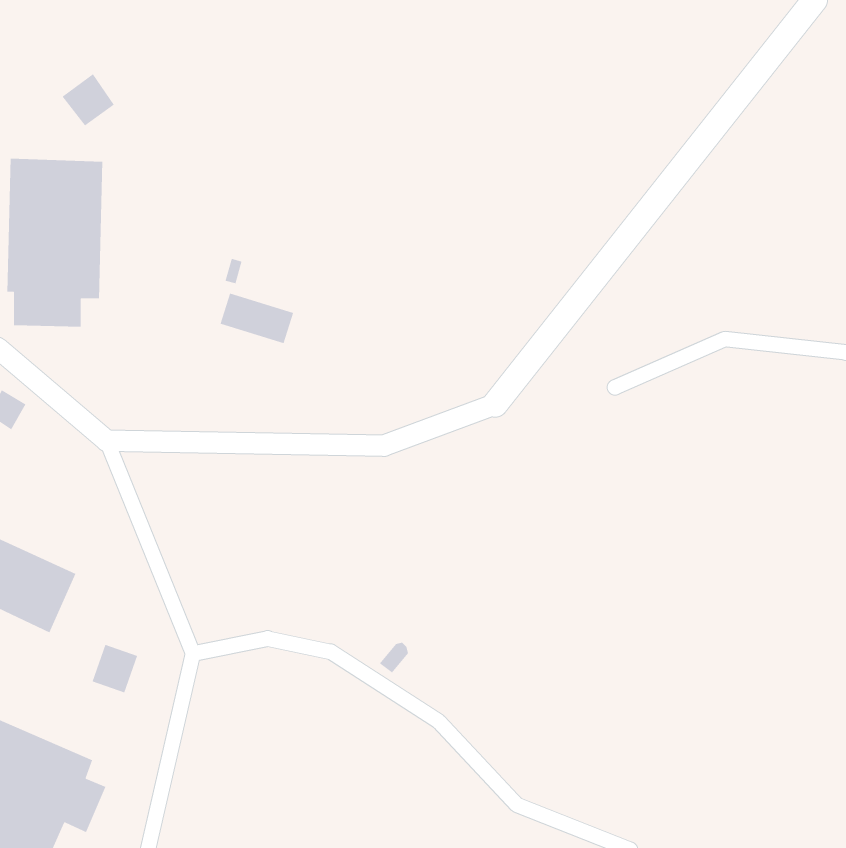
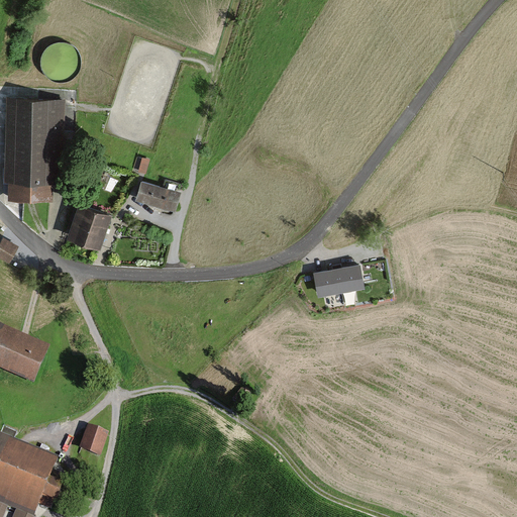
building: none -> [64,203,109,248]
building: none -> [313,264,363,295]
building: [92,644,138,694] -> [77,427,105,457]

